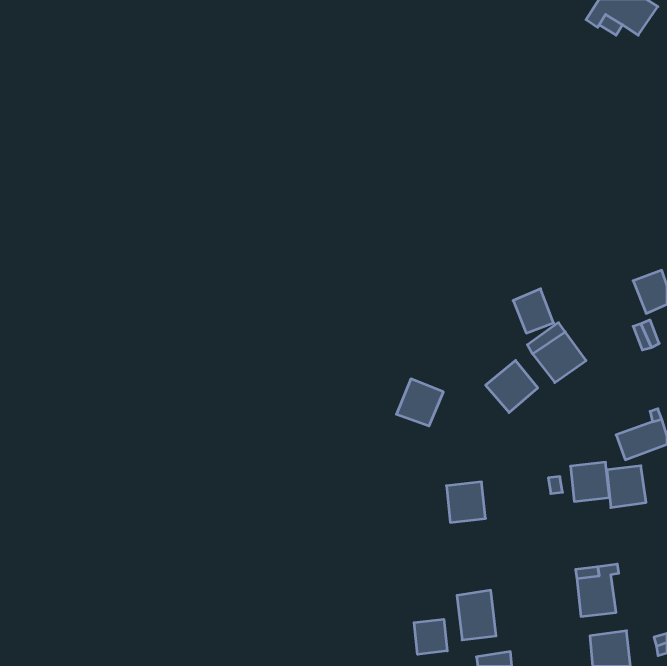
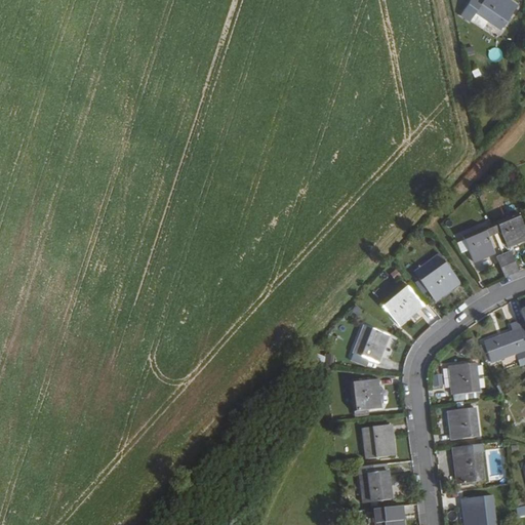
building: [513,289,554,333] -> [463,226,495,260]
building: [396,379,443,426] -> [354,326,391,363]
building: [607,466,646,508] -> [448,407,479,440]
building: none -> [362,425,394,459]
building: [414,619,447,654] -> none

